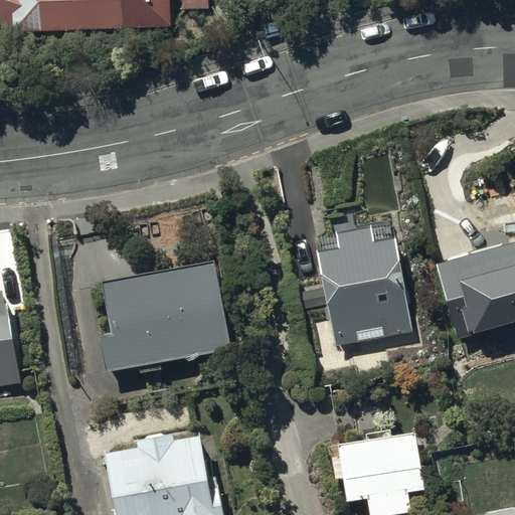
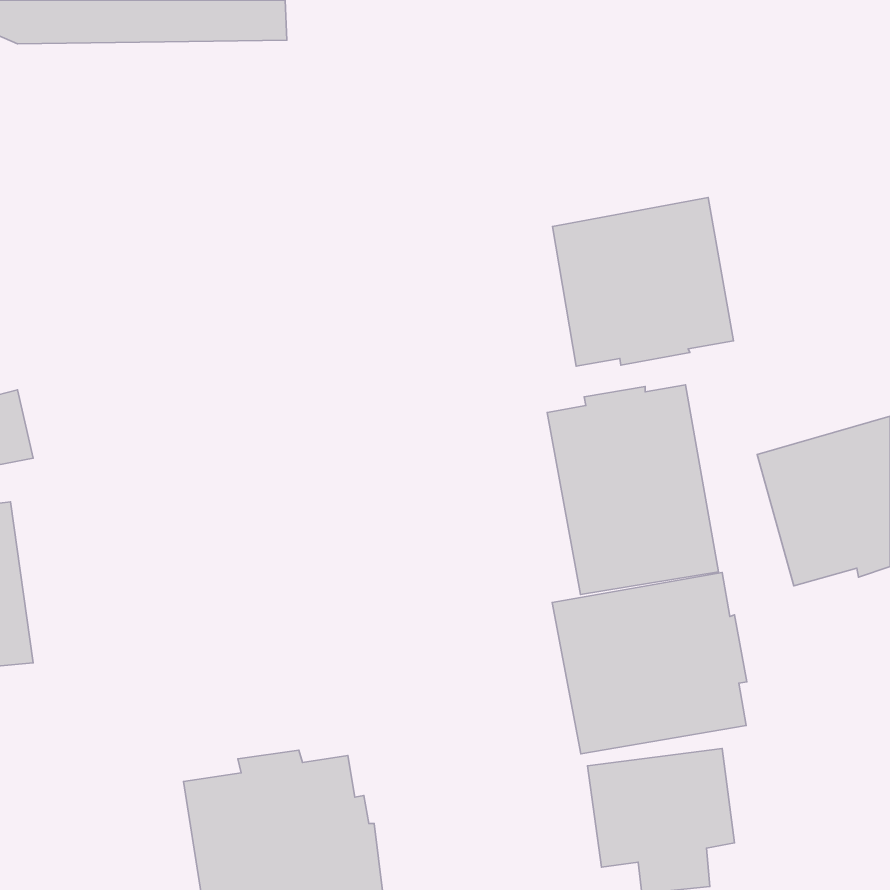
building: none -> [552,197,734,366]
building: [99,261,231,372] -> none
building: none -> [552,572,747,754]

